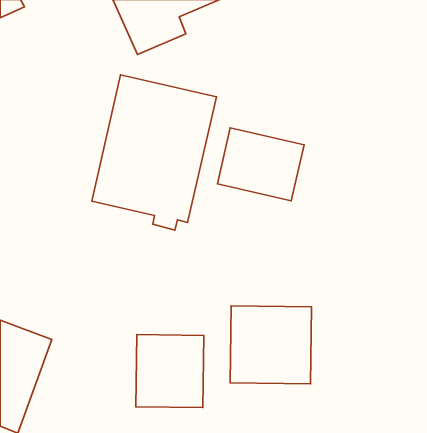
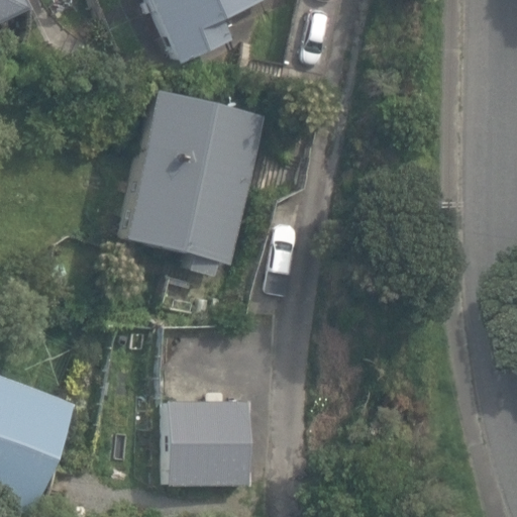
building: [217,128,304,201] -> none
building: [230,306,311,384] -> none

